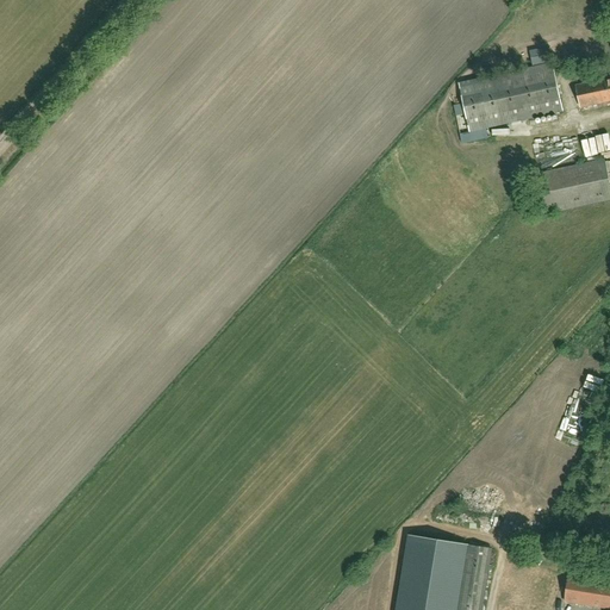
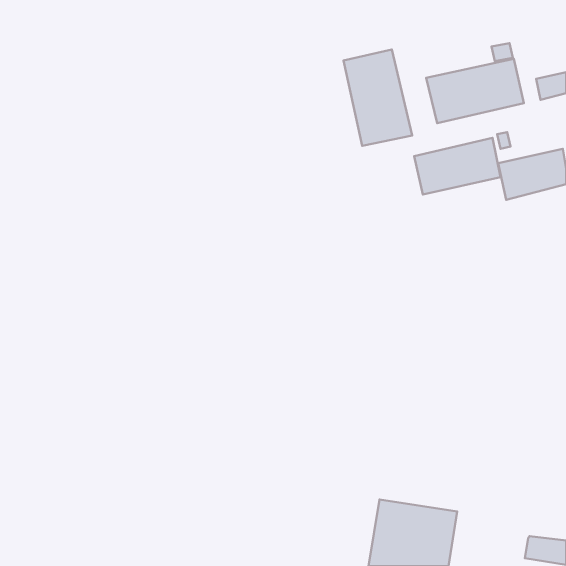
building: none -> [344,50,412,146]
building: none -> [414,138,501,194]

